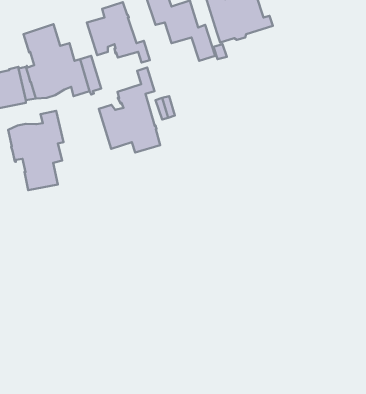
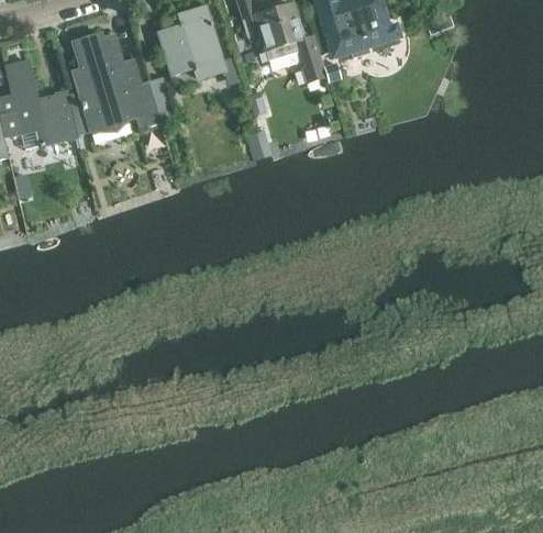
building: [99,68,160,152] -> none
building: [8,111,64,190] -> none

